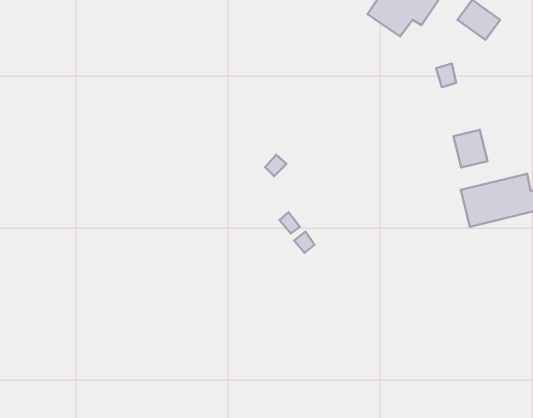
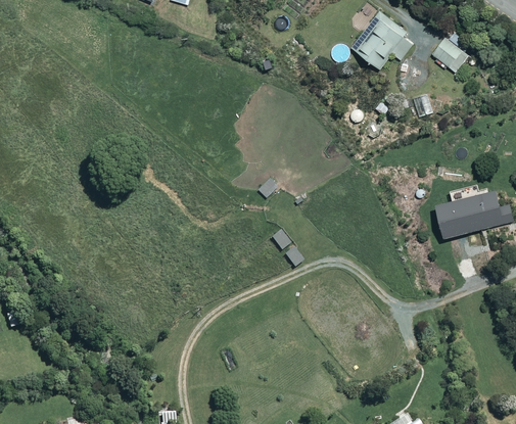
building: [453,130,488,168] -> none

